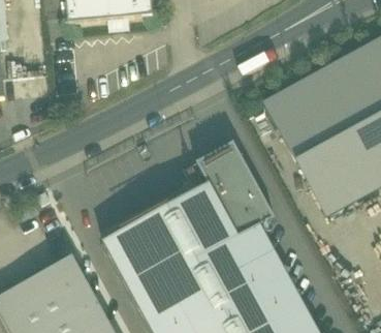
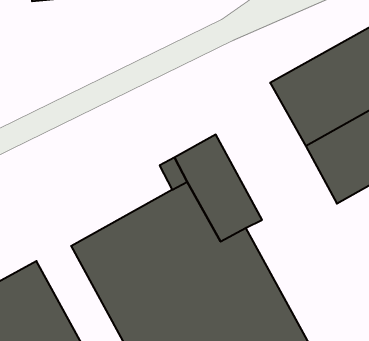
building: [264,93,342,211] -> none

